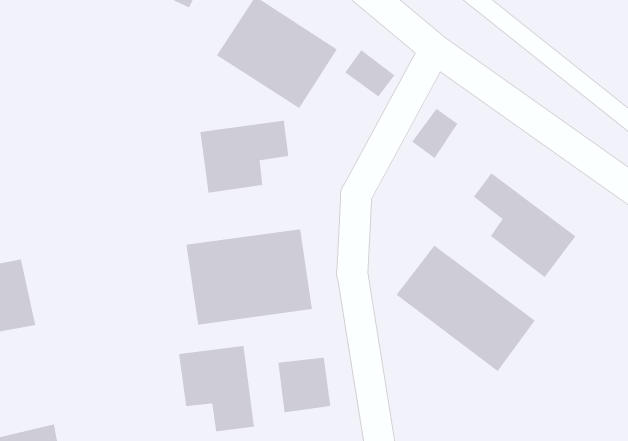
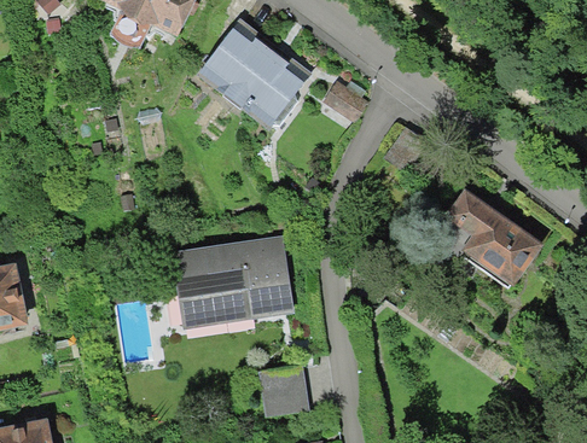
building: [200,120,289,193] -> none
building: [395,245,536,372] -> none
building: [178,345,255,432] -> none

